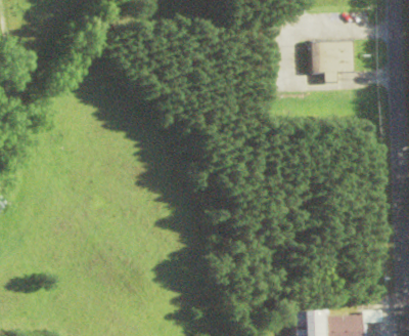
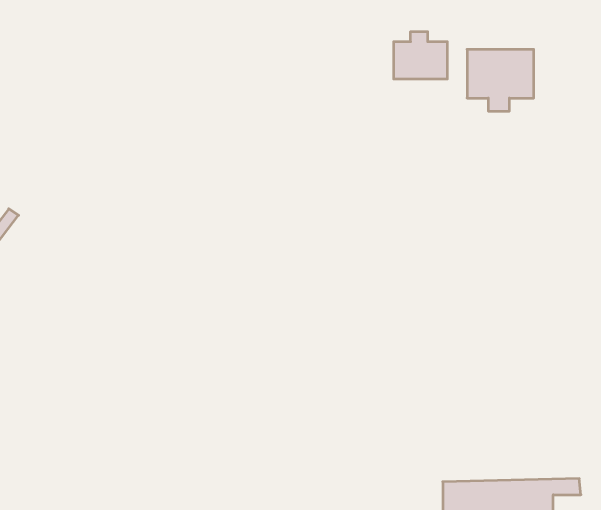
building: none -> [394,32,447,79]

